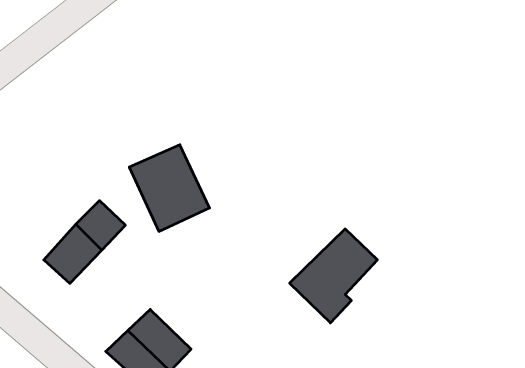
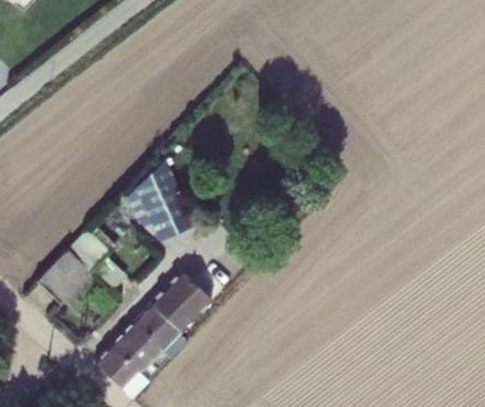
building: [290,229,377,323] -> [140,267,219,351]

